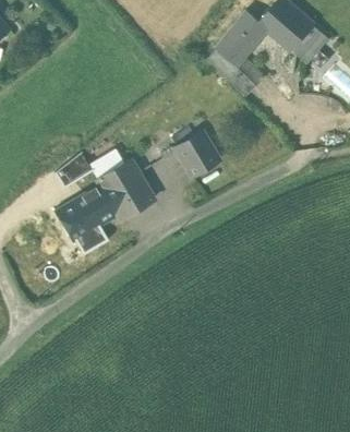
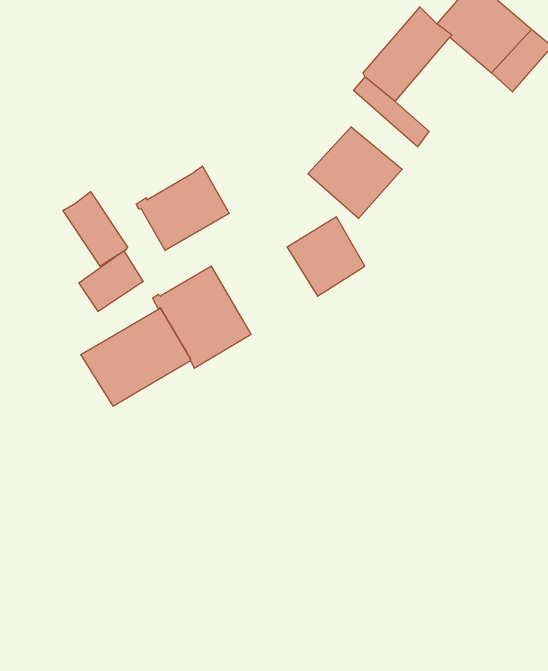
building: none -> [308,127,402,219]
building: none -> [136,166,229,251]
building: none -> [63,192,128,266]

